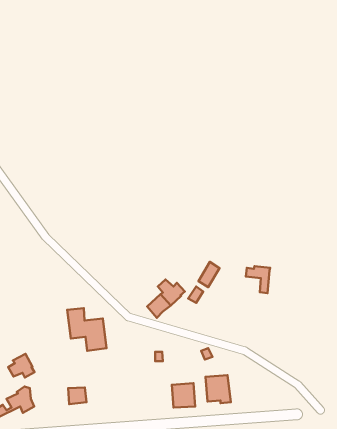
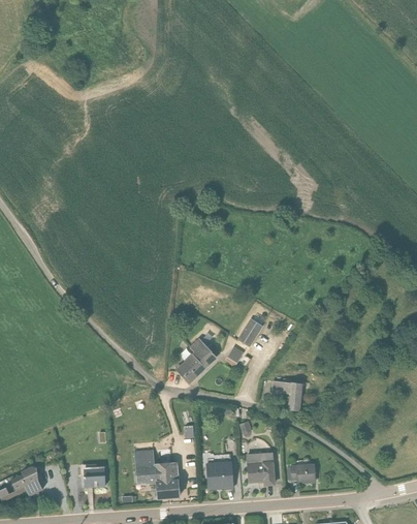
building: [246,266,270,293] -> [272,378,301,410]
building: [67,308,106,351] -> [133,449,180,499]
building: [8,354,34,377] -> none
building: none -> [290,463,315,484]

